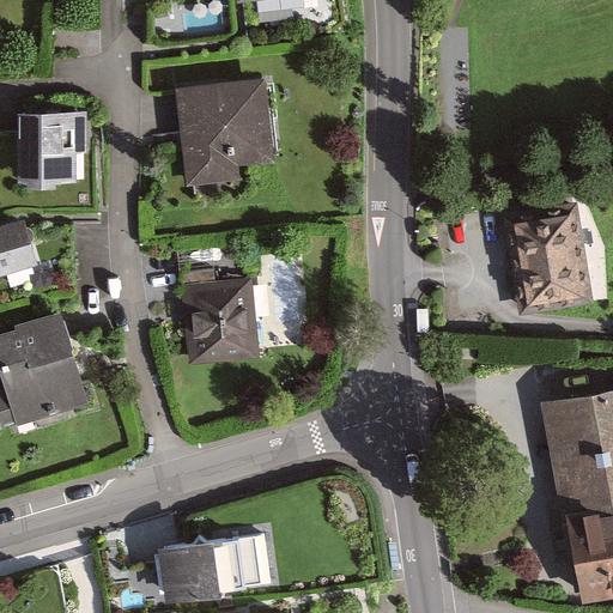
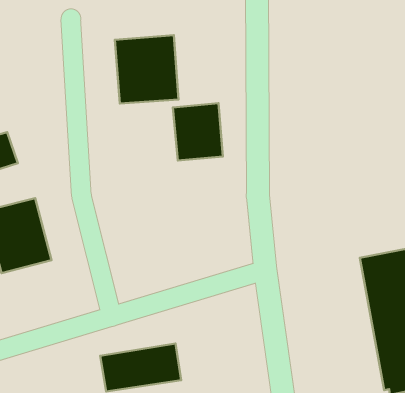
building: [17,108,90,184] -> none
building: [503,205,595,321] -> none
building: [182,283,255,366] -> [173,103,223,160]

